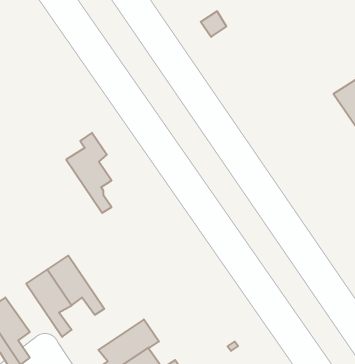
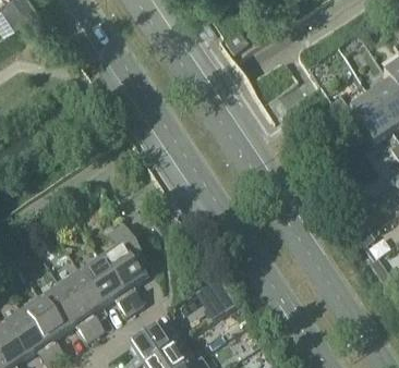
building: [66,133,112,213] -> [100,232,143,307]
building: none -> [41,283,95,339]

